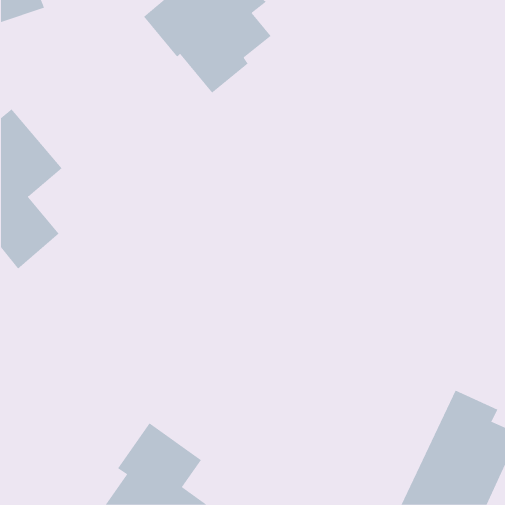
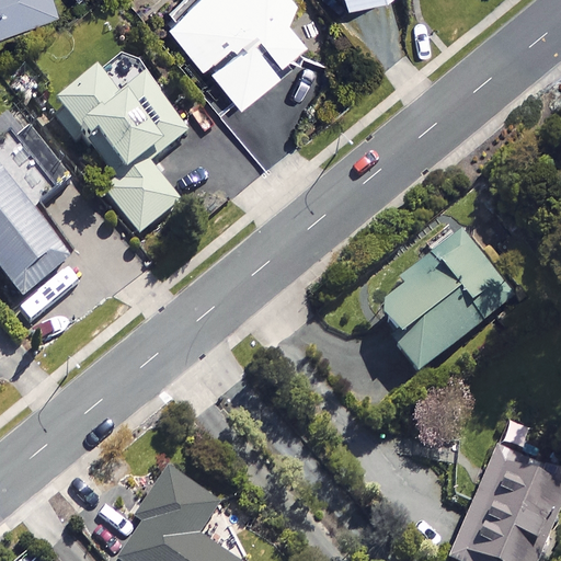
building: none -> [55,68,187,233]
building: none -> [370,232,514,373]

